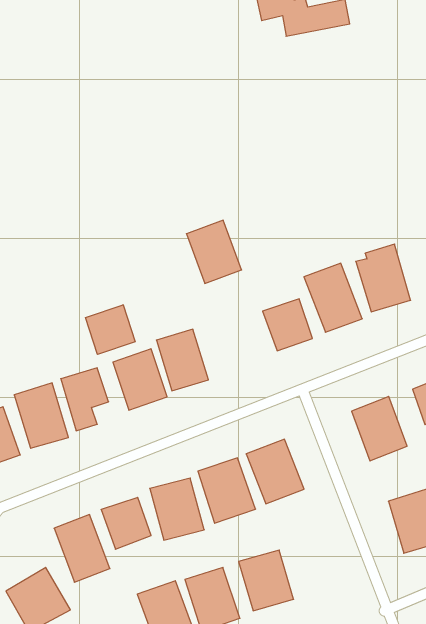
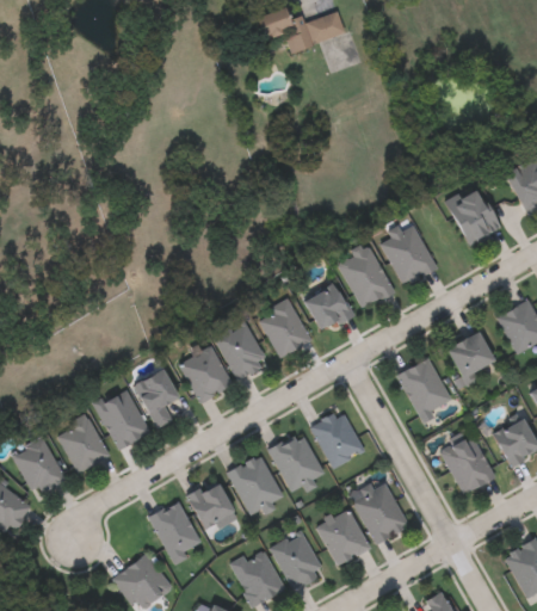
building: [186,220,242,283] -> [258,300,311,358]
building: [85,305,135,354] -> none
building: none -> [351,480,409,544]

